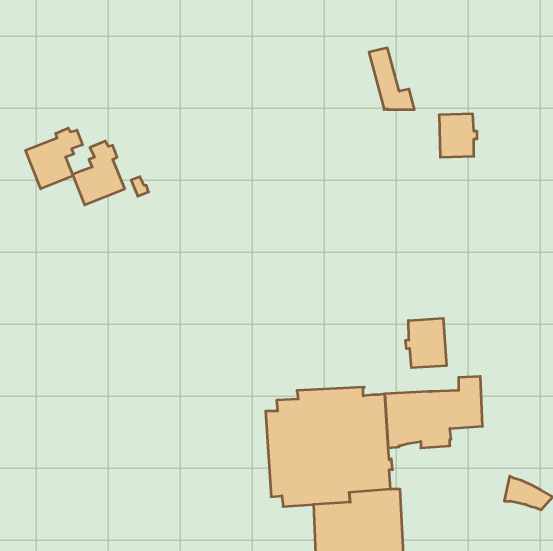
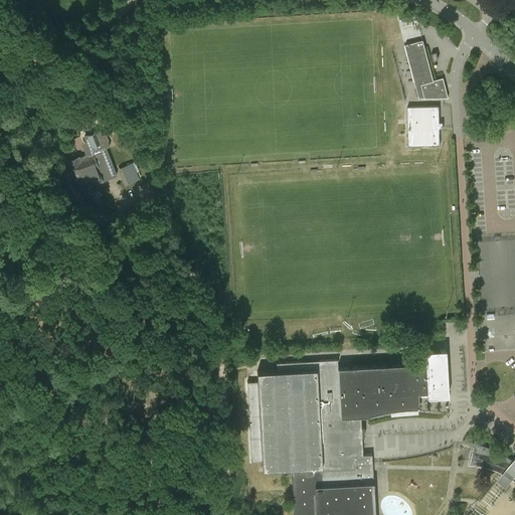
building: [369,48,414,110] -> [406,43,449,101]
building: [26,128,82,189] -> none
building: [406,318,446,368] -> none

